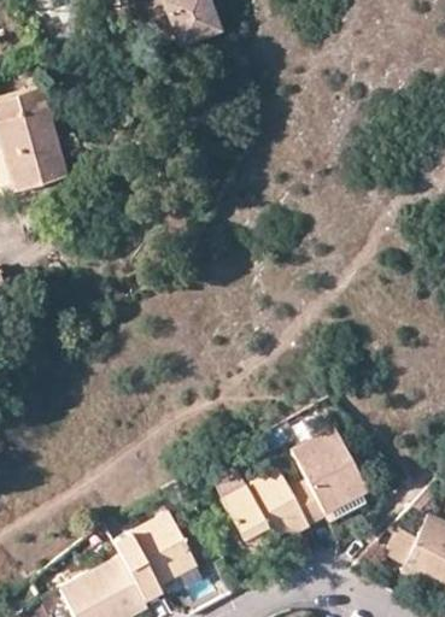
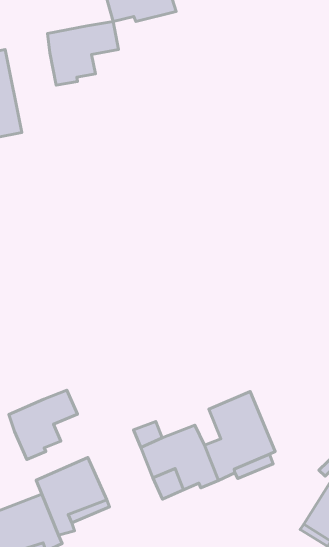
building: none -> [48,22,119,85]
building: none -> [9,390,78,459]

